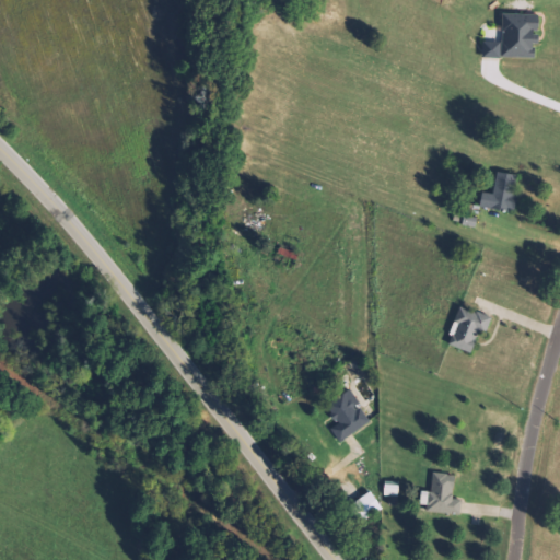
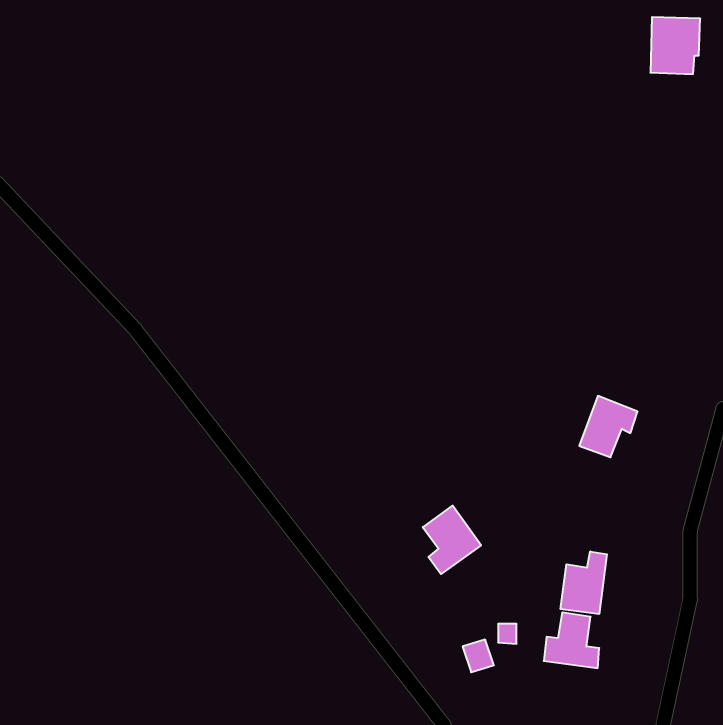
building: [479,170,517,210] -> none
building: none -> [561,551,607,614]

